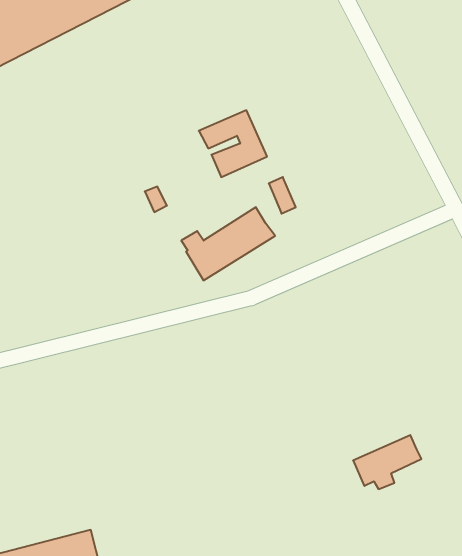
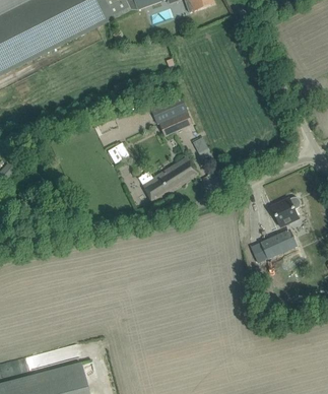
building: none -> [271,197,300,223]
building: [353,435,421,489] -> [251,229,294,264]

